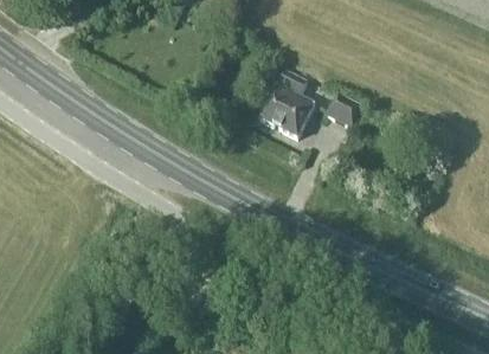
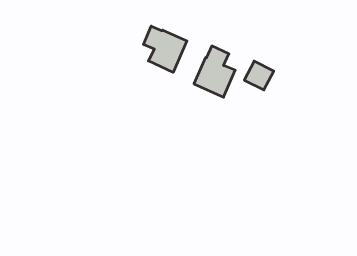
building: none -> [143,26,187,72]

